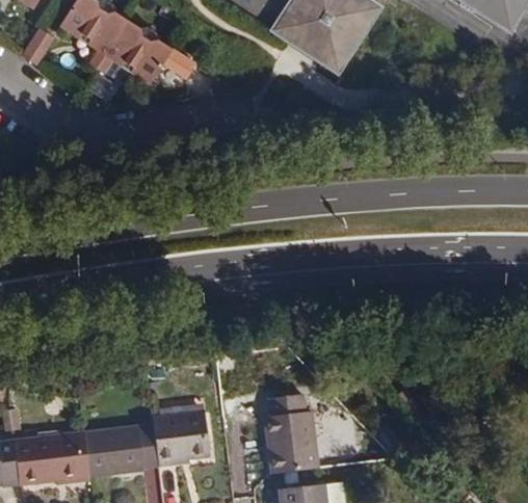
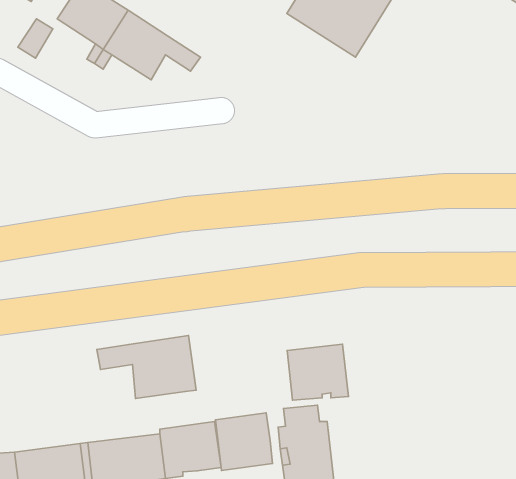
building: none -> [97,336,196,398]
building: none -> [287,344,349,400]
building: none -> [215,413,272,471]

